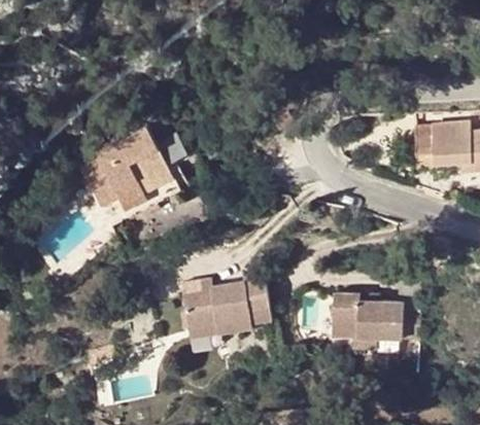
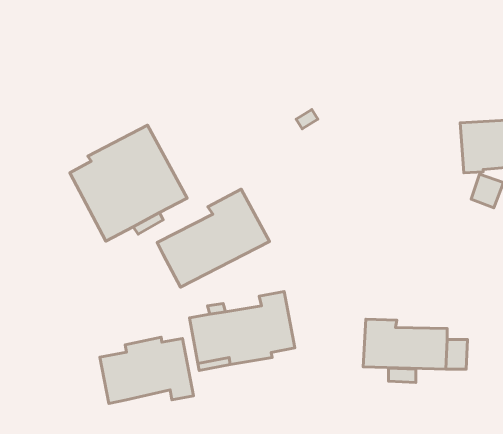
building: none -> [157,189,269,287]
building: none -> [100,337,193,404]

